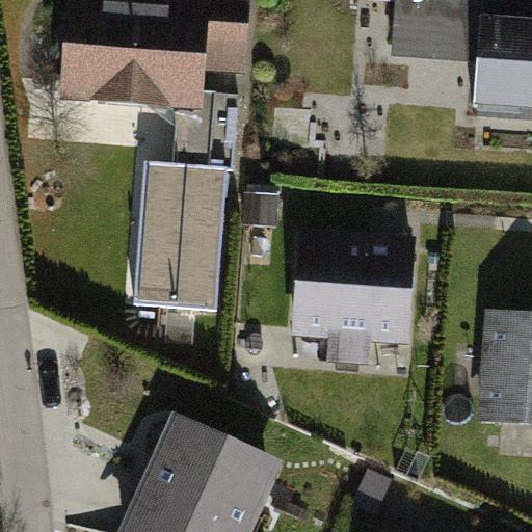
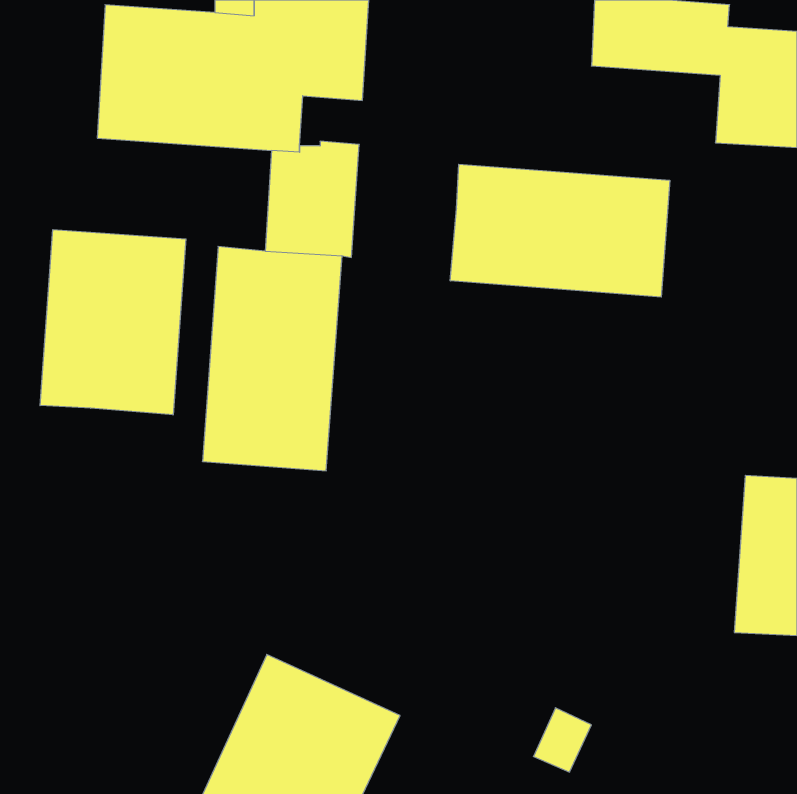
building: none -> [450,164,670,297]
building: none -> [40,230,186,415]
building: [295,244,410,341] -> none

